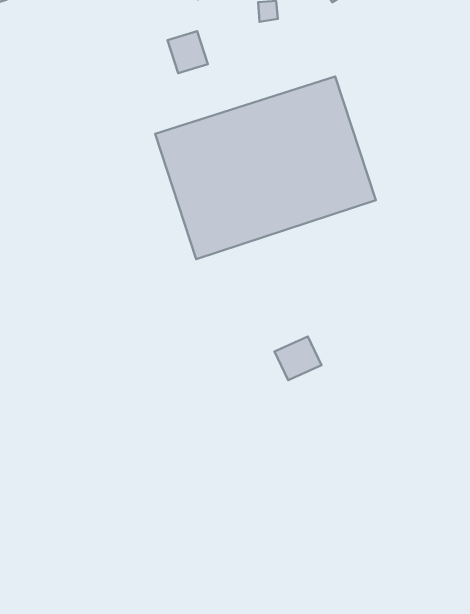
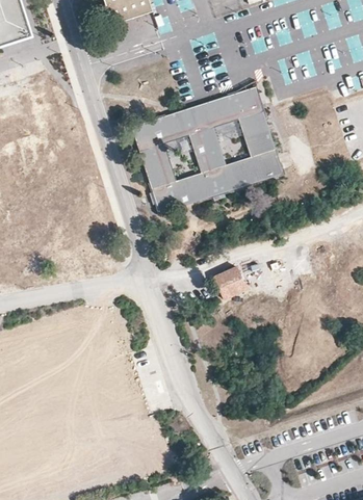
building: [168,31,208,73] -> none

